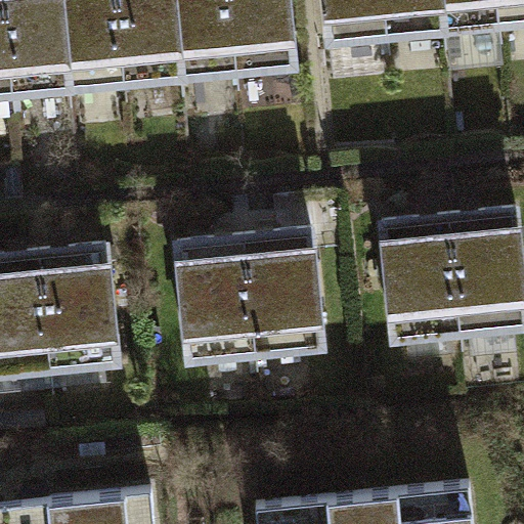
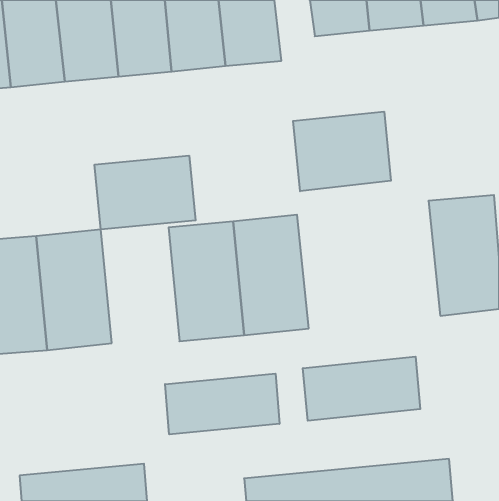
building: none -> [293,112,391,191]
building: none -> [95,156,196,229]
building: [381,210,460,336] -> none
building: none -> [303,357,420,421]
building: none -> [165,374,279,434]

